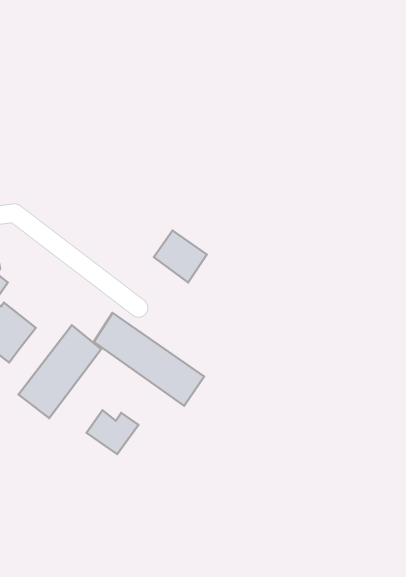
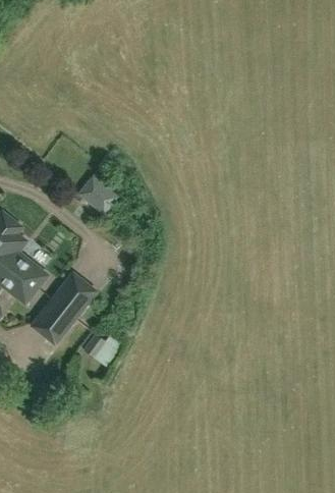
building: [154,230,207,282] -> [86,178,126,218]
building: [94,313,204,406] -> none

